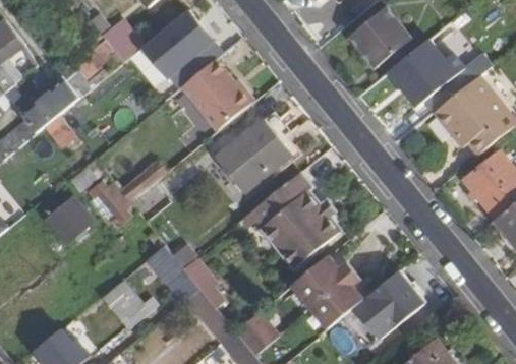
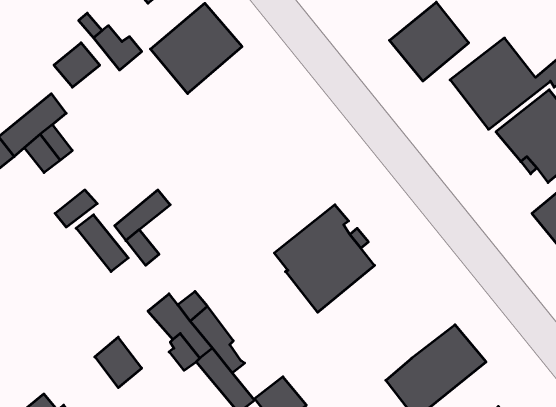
building: [181,60,252,131] -> none
building: [216,119,290,191] -> none
building: [47,198,93,244] -> none
building: [291,256,363,330] -> none

